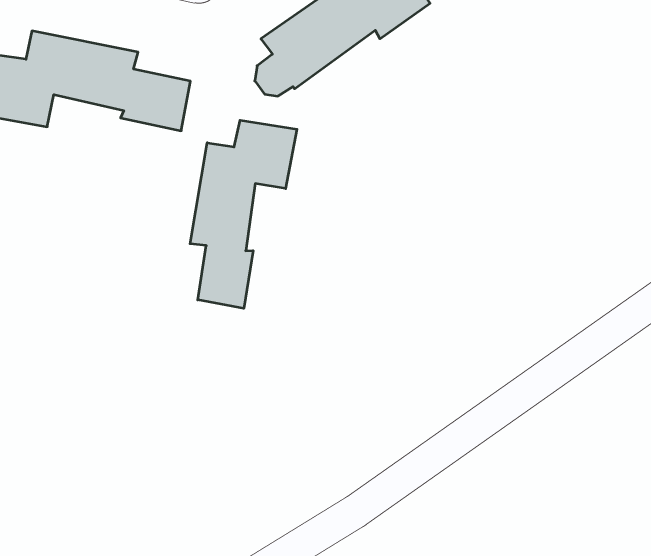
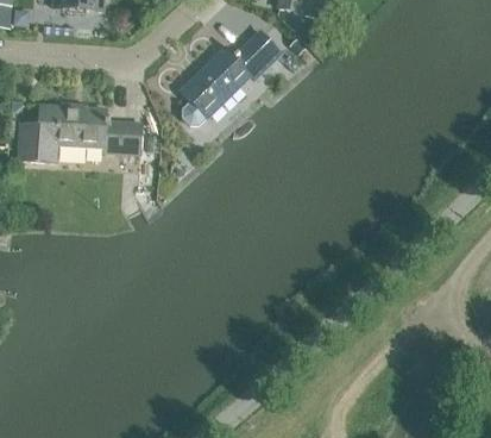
building: [190,120,297,308] -> none

